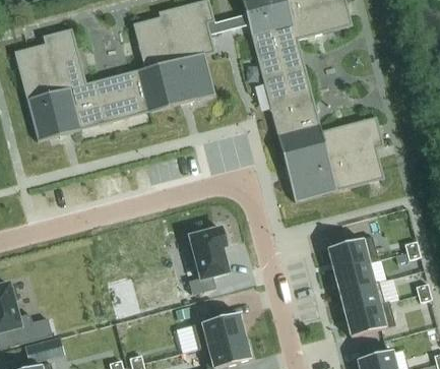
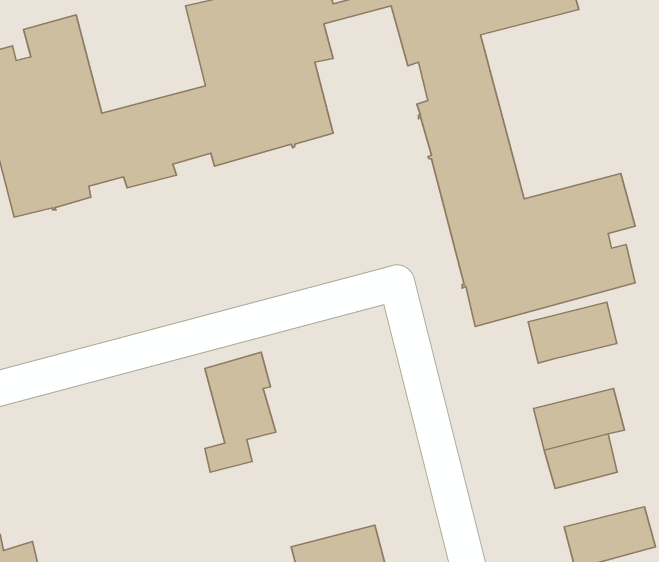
building: none -> [528,302,617,363]
building: [189,227,229,294] -> [205,352,276,472]
building: [339,282,385,313] -> none

